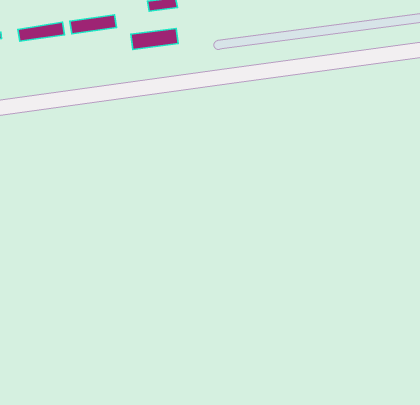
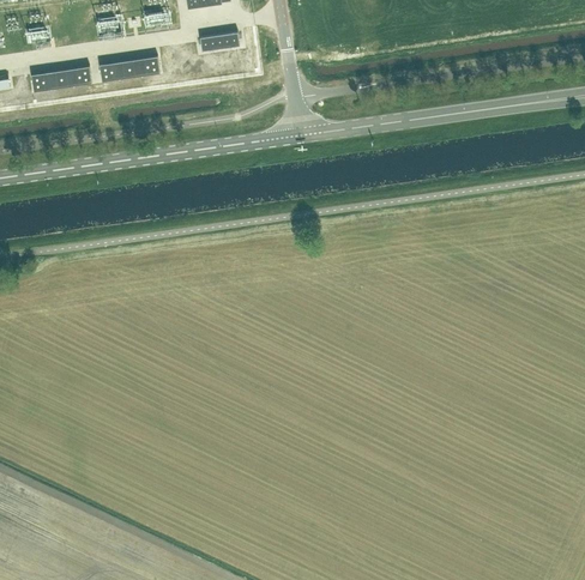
building: [131,28,178,49] -> none

